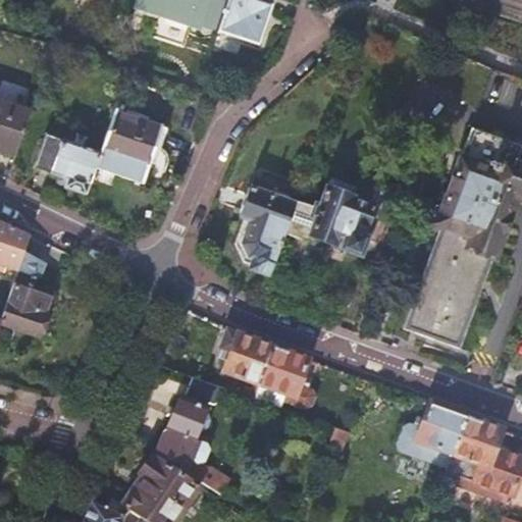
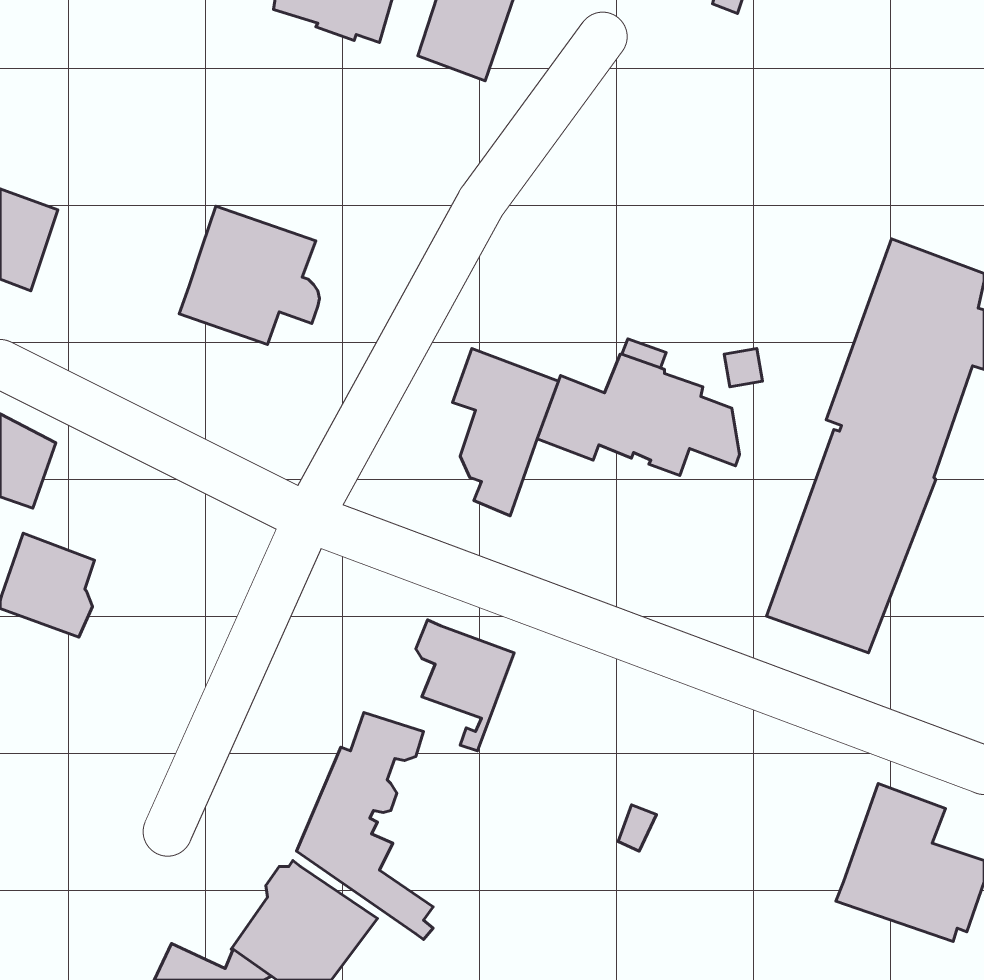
building: [34,133,100,194] -> none
building: [253,346,315,408] -> none
building: [398,402,465,467] -> none

